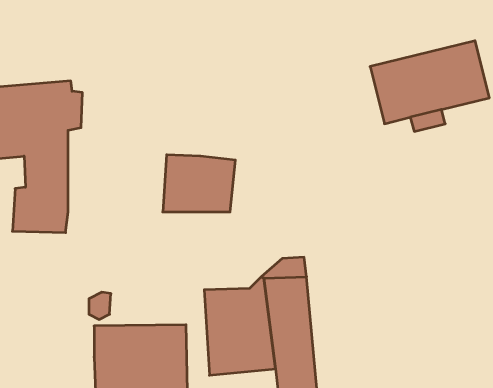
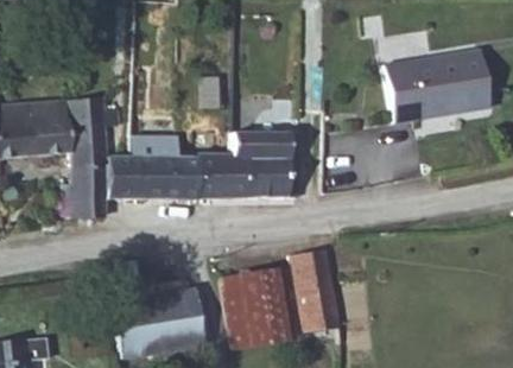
building: none -> [226,134,298,201]
building: none -> [104,146,195,199]

